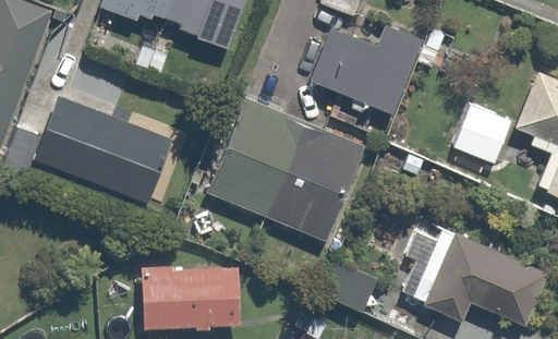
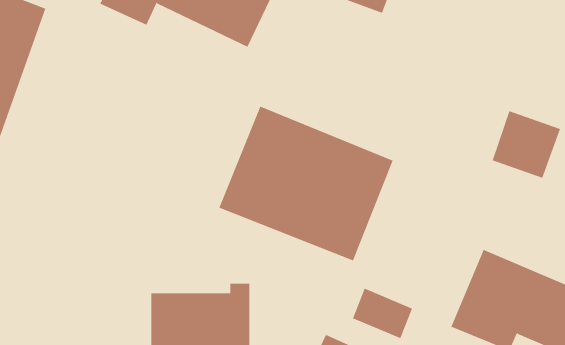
building: [307,25,424,116] -> none
building: [32,96,170,202] -> none

